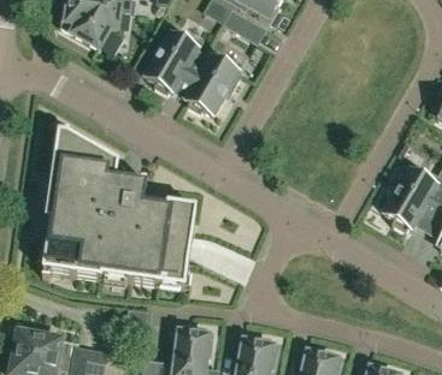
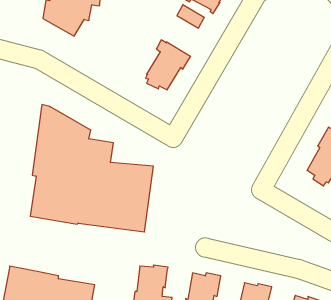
building: [145,23,205,95] -> none

